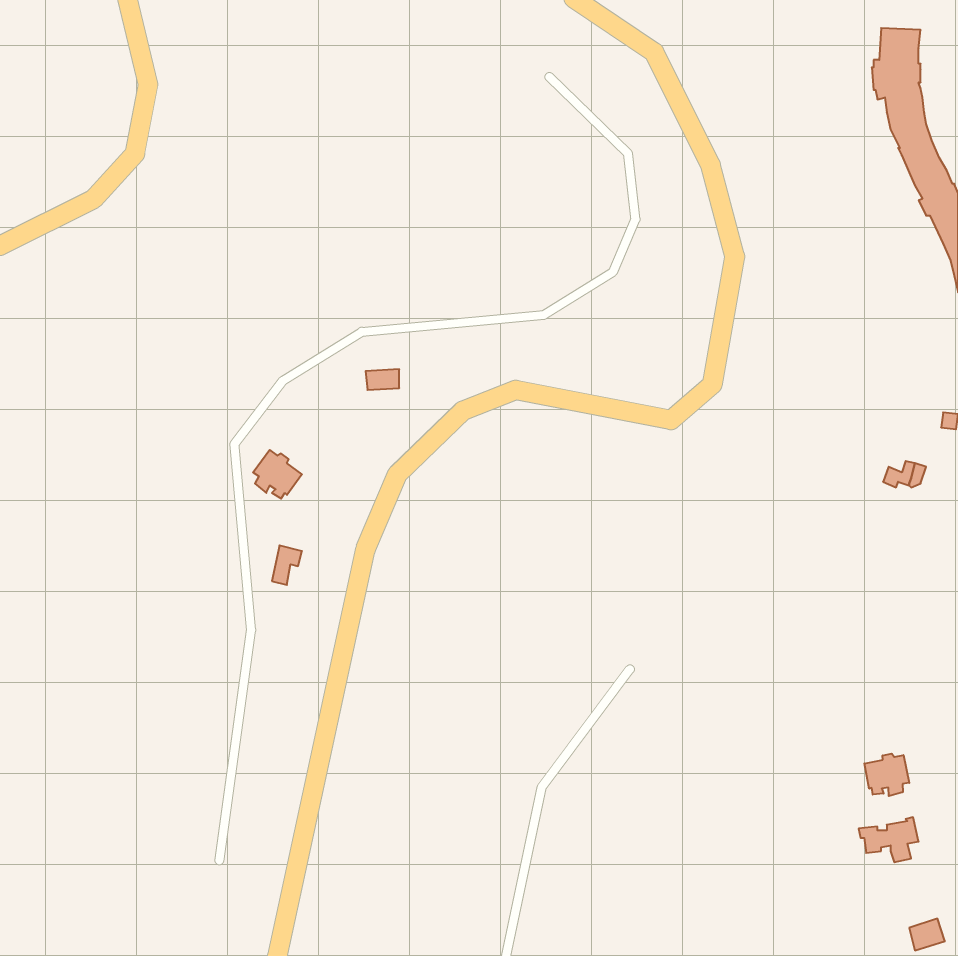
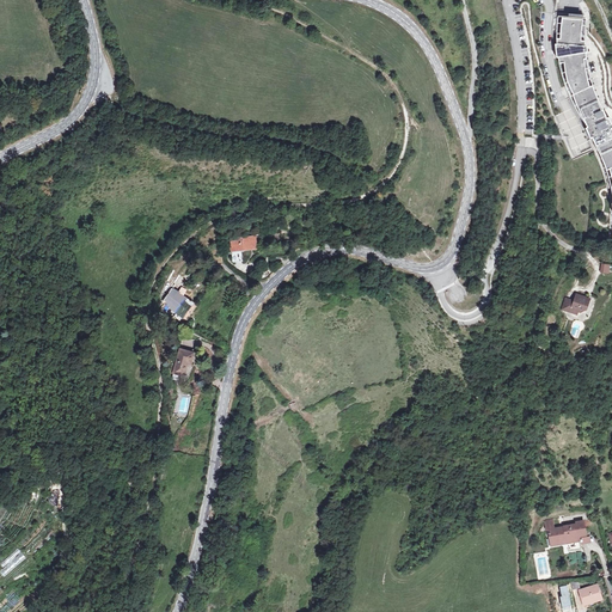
building: [864,754,909,796] -> none

